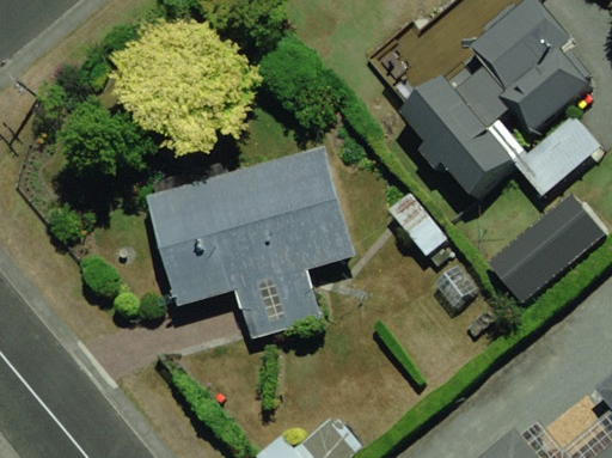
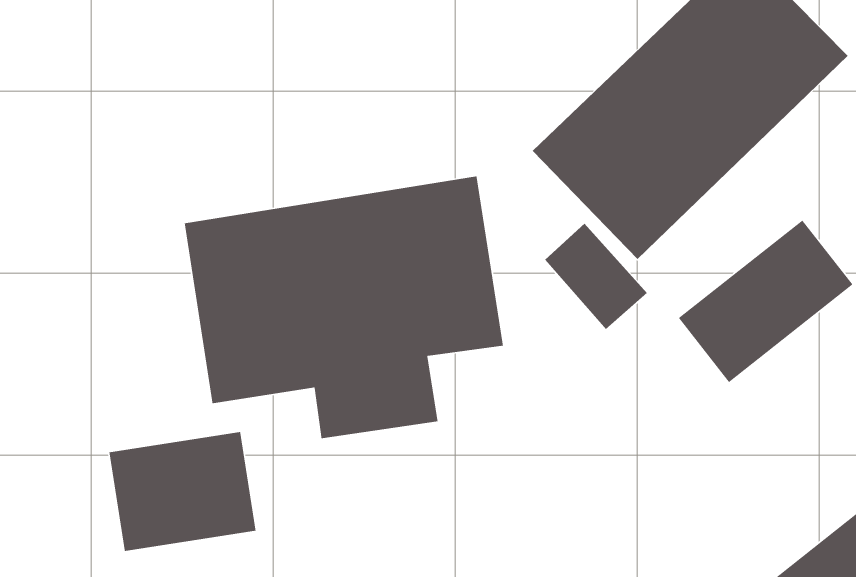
building: none -> [109,431,257,552]

